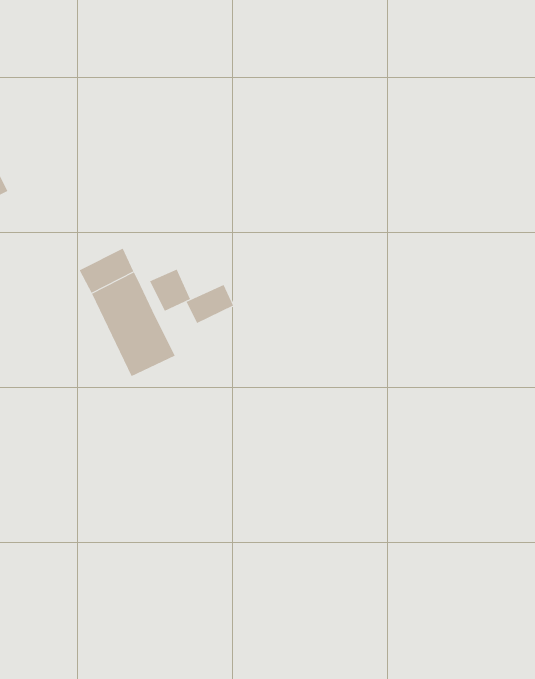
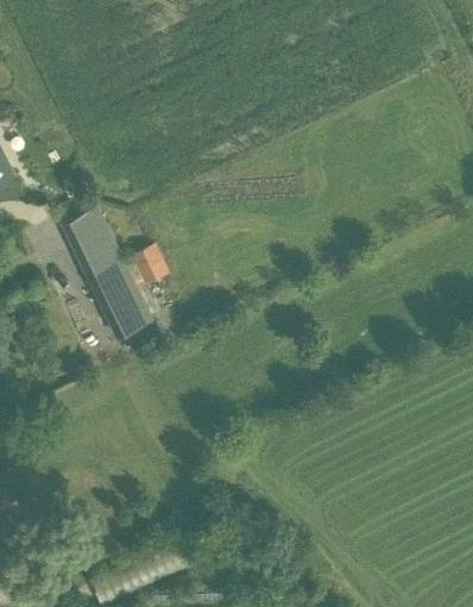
building: none -> [61,206,109,248]
building: [186,284,234,324] -> none

